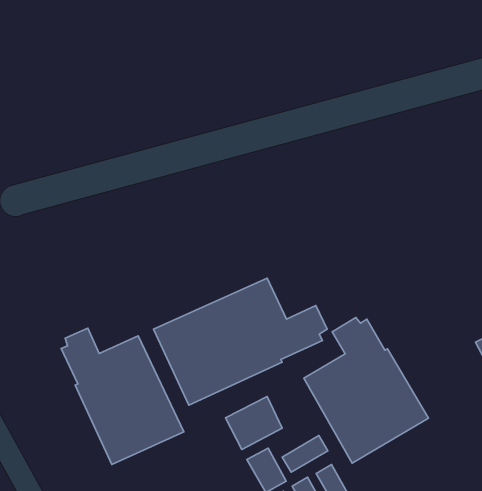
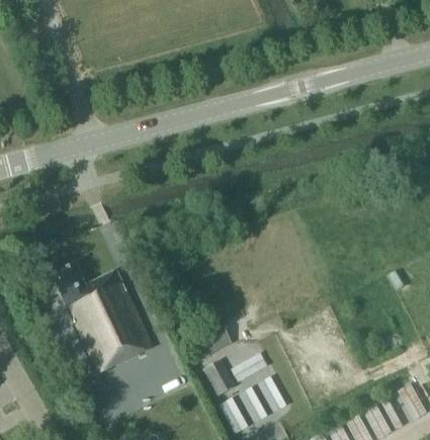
building: [153,278,327,405] -> none
building: [304,318,428,463] -> none

